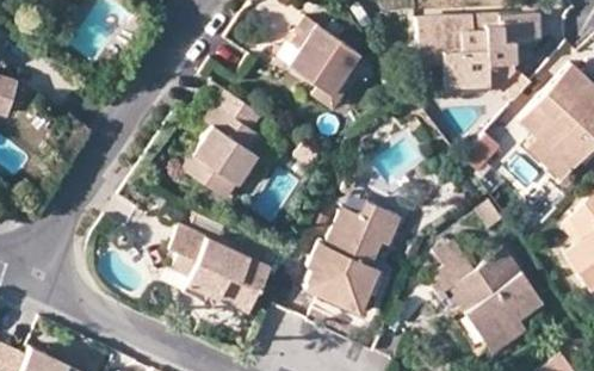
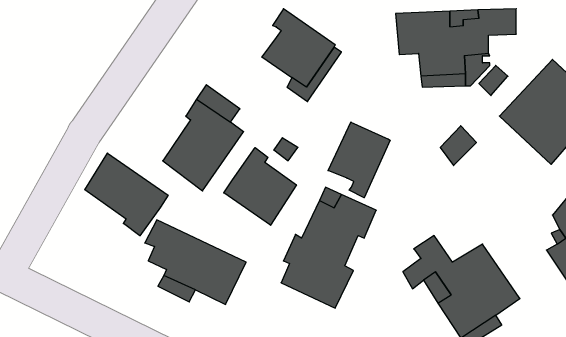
building: none -> [328,122,390,198]
building: none -> [224,148,296,225]
building: none -> [85,153,168,236]

